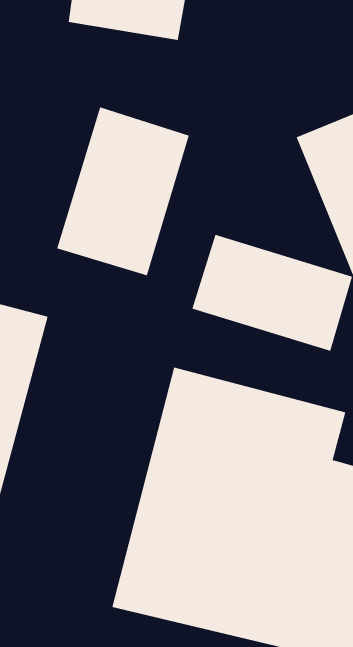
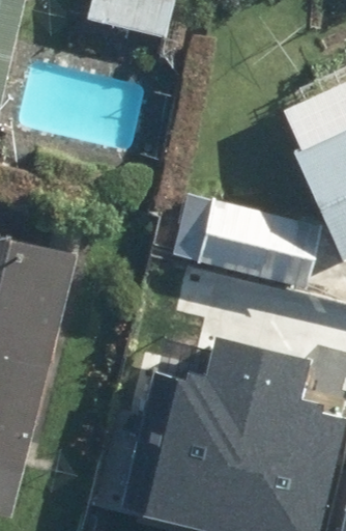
building: [56,107,190,276] -> none

